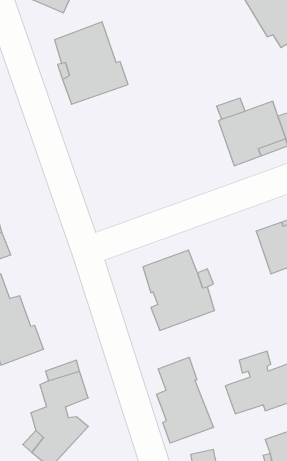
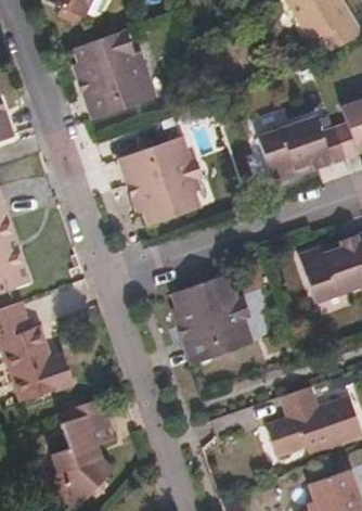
building: none -> [120,136,203,230]
building: [156,357,214,443] -> none

